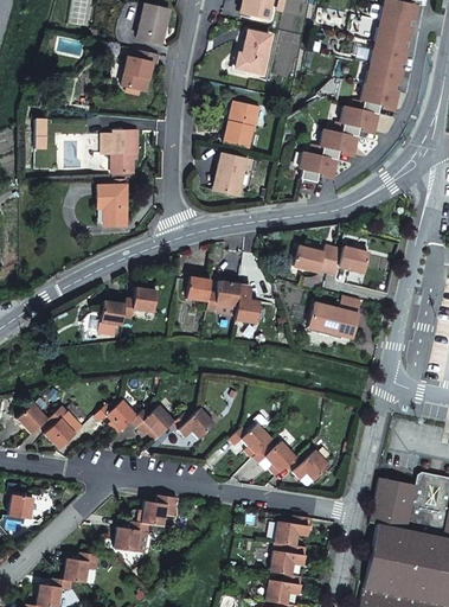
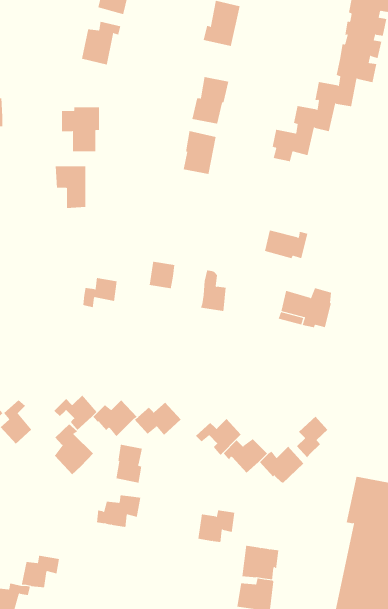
building: [329,248,370,275] -> none
building: [205,280,239,315] -> none
building: [100,304,123,337] -> none
building: none -> [296,416,328,458]
building: none -> [54,423,94,475]
building: none -> [116,444,143,483]
building: [276,516,312,547] -> [197,510,235,543]
building: [114,522,149,552] -> none

